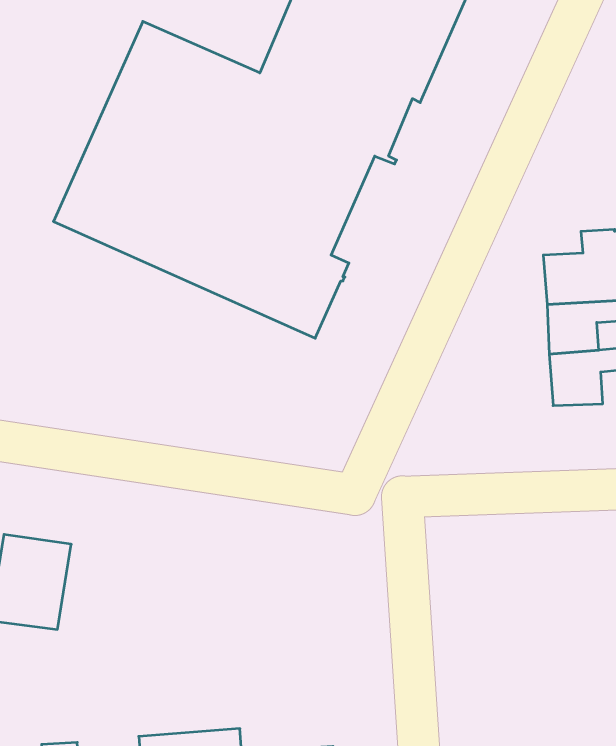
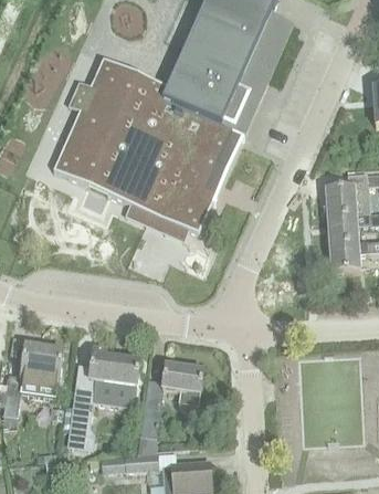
building: none -> [70,348,139,434]
building: none -> [140,362,203,437]

